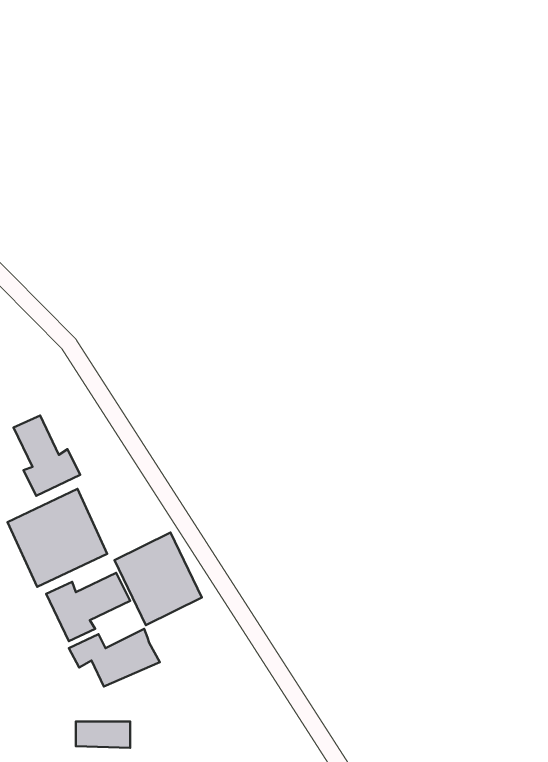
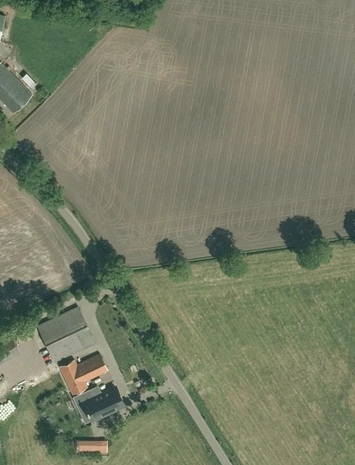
building: [14,416,80,496] -> none
building: [114,532,202,625] -> none

